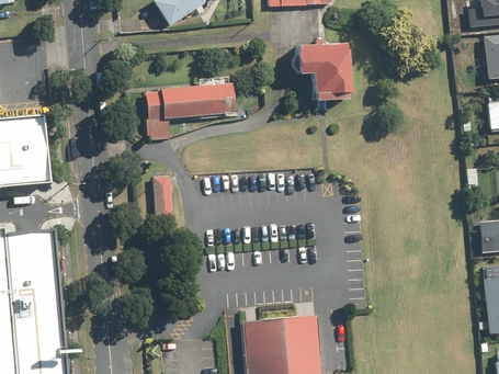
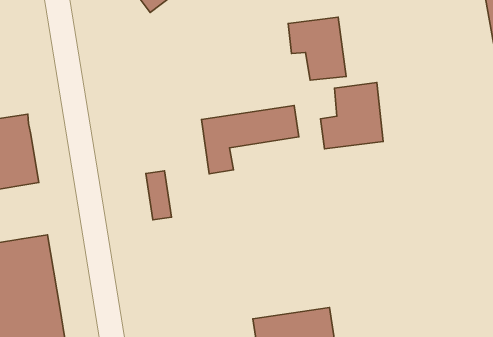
building: [144,82,234,140] -> [201,105,299,174]
building: none -> [320,82,383,149]

